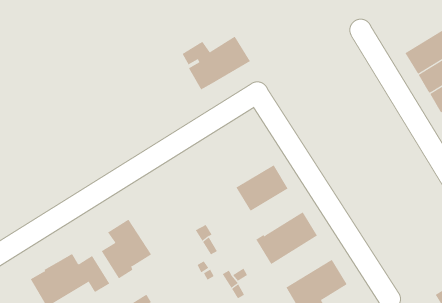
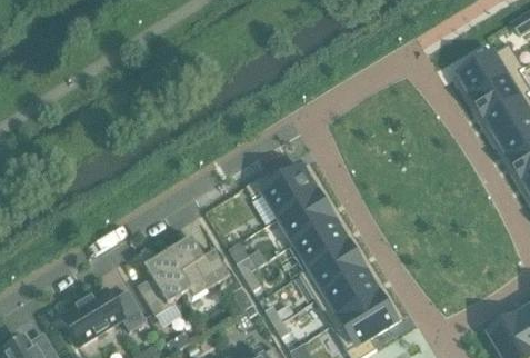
building: [182,36,251,90] -> [247,166,320,223]
building: none -> [294,218,351,268]
building: none -> [166,236,229,296]
building: none -> [317,268,381,324]

